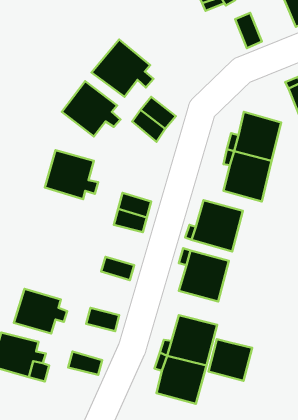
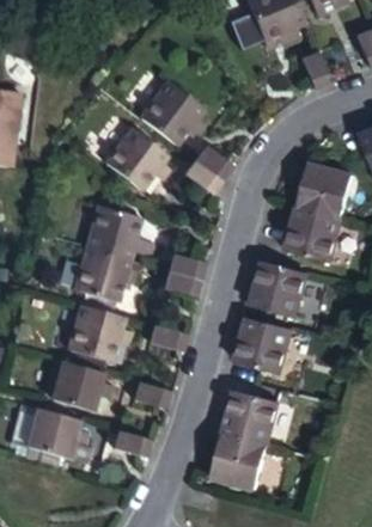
building: none -> [75,246,138,301]
building: none -> [68,304,132,360]
building: [209,339,252,381] -> none

